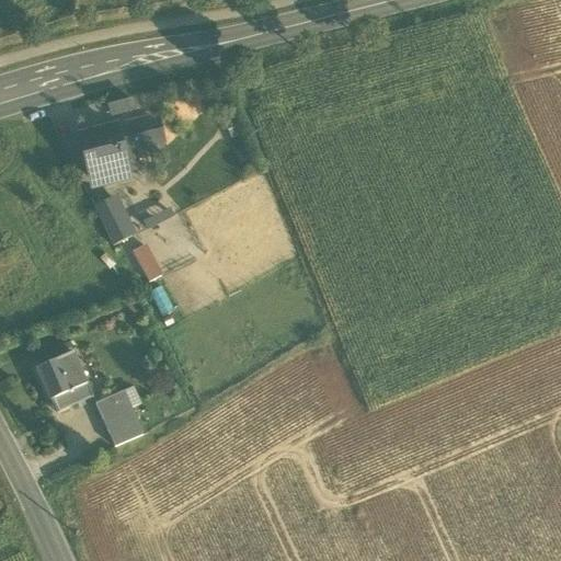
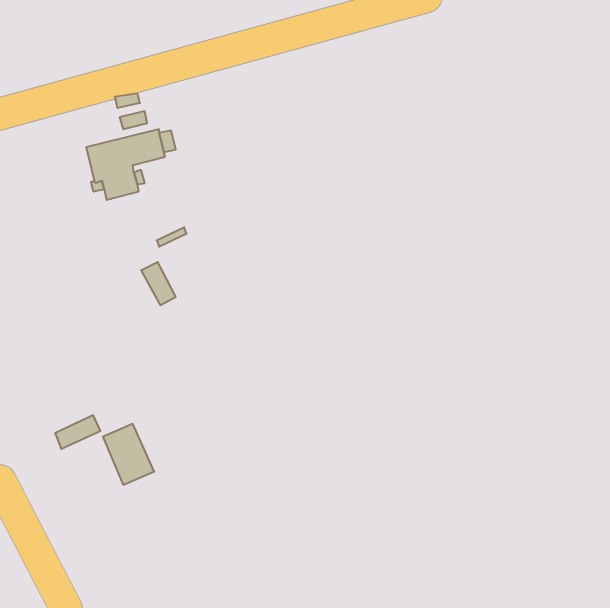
building: [95,199,133,244] -> none
building: [37,351,87,397] -> none

